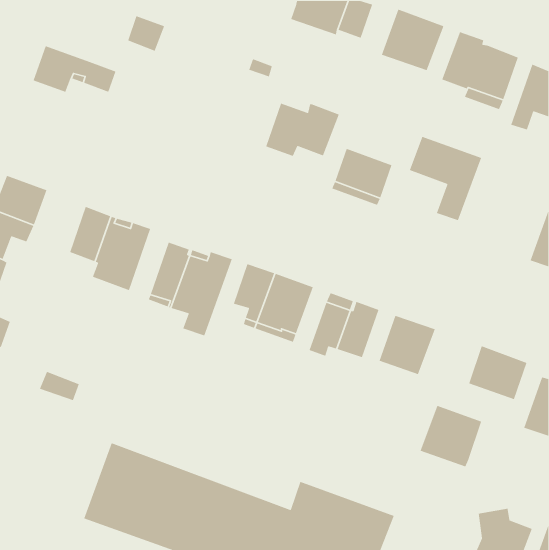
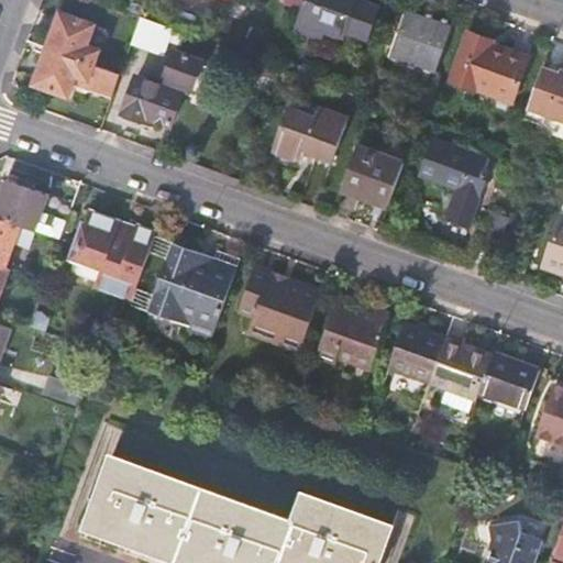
building: none -> [46,12,97,64]
building: none -> [121,48,201,125]
building: [420,405,482,467] -> [427,336,490,400]

